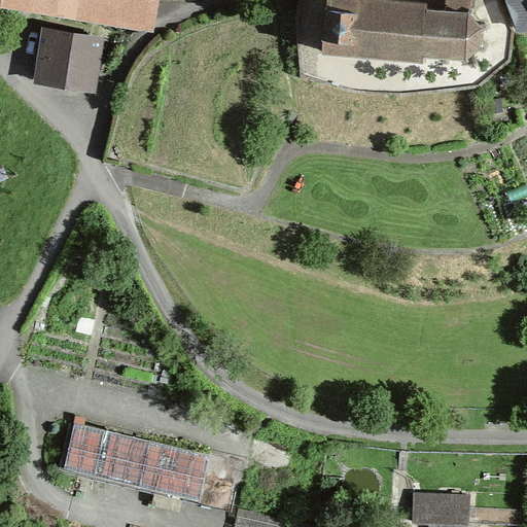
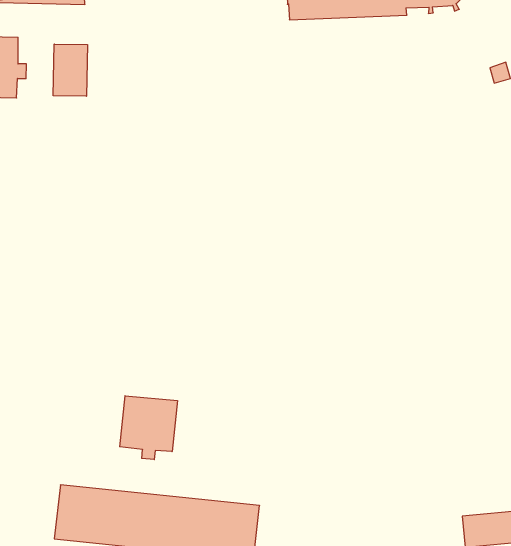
building: none -> [53,44,87,96]
building: none -> [120,396,177,460]

